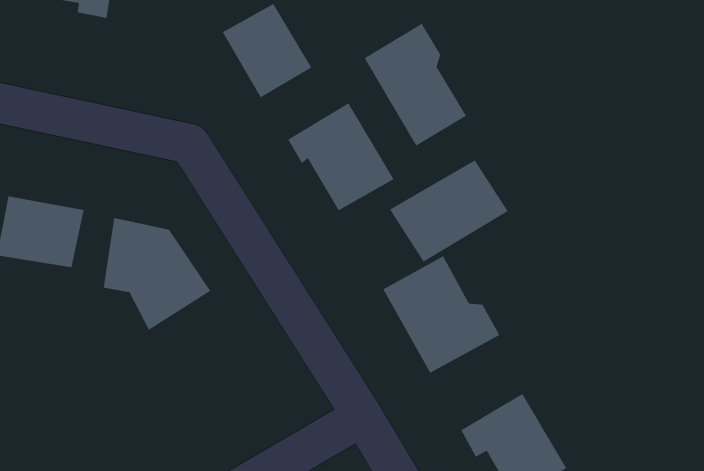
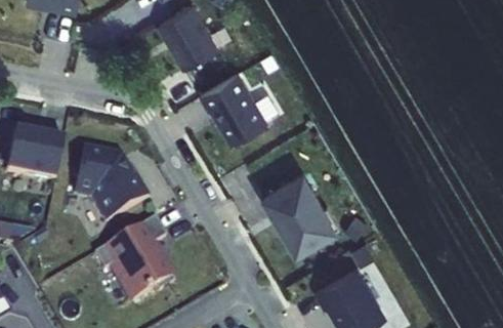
building: [364,23,467,147] -> none
building: [389,159,509,263] -> none
building: none -> [93,213,168,297]

